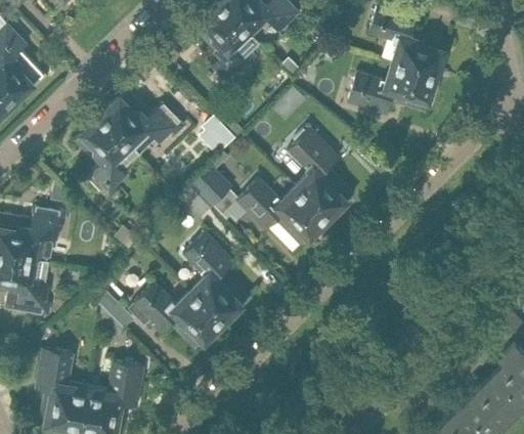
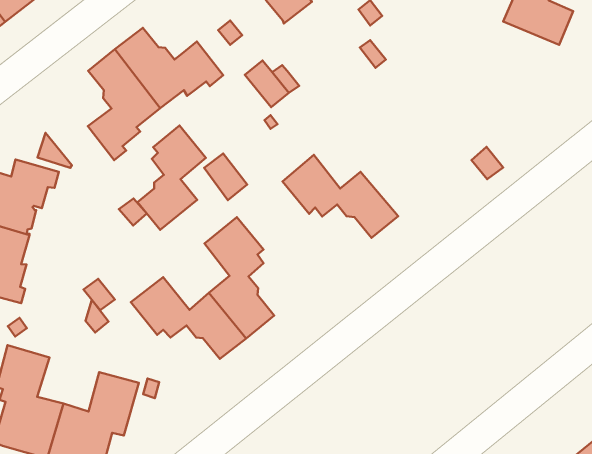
building: [346,64,435,113] -> none
building: [288,130,345,220] -> none
building: [190,166,231,207] -> none
building: none -> [138,126,206,230]

